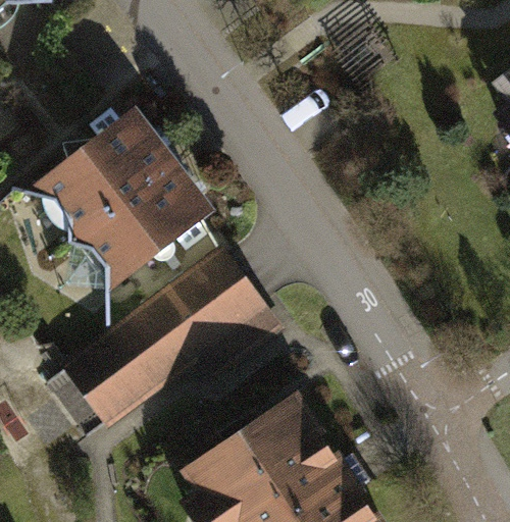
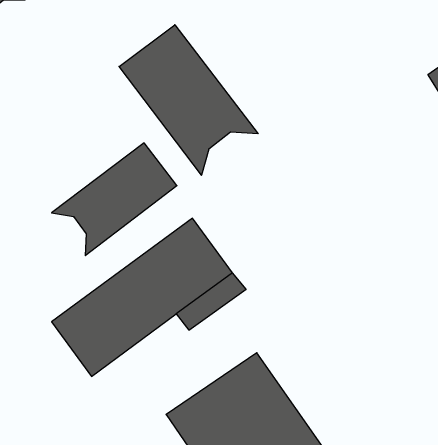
building: none -> [119,25,258,175]
building: [27,113,166,240] -> none

